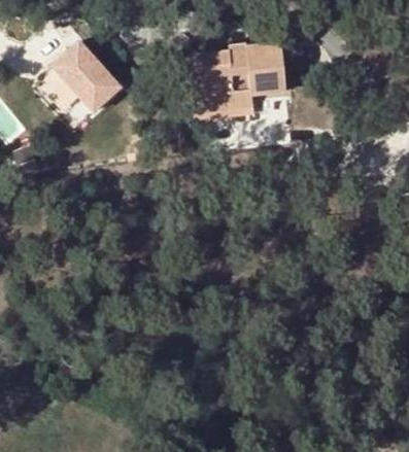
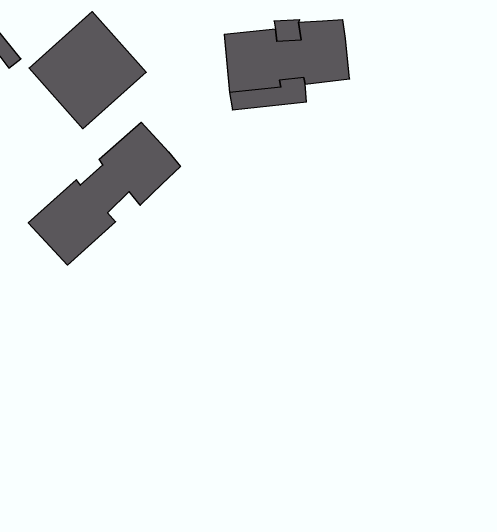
building: none -> [28,122,180,265]

